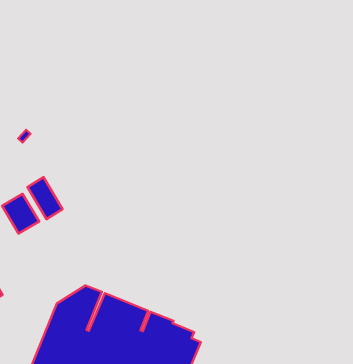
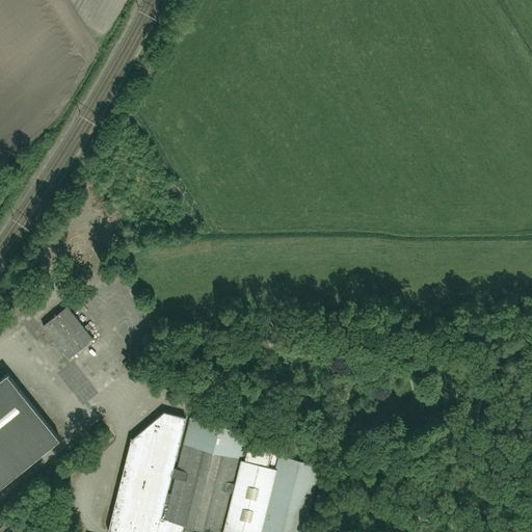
building: [28,177,62,219] -> none

